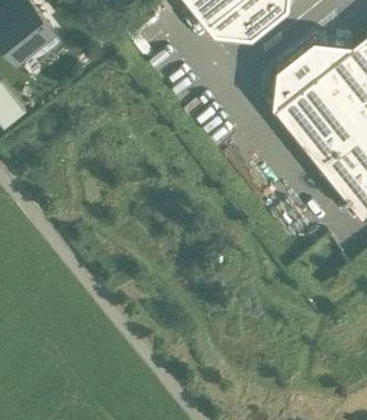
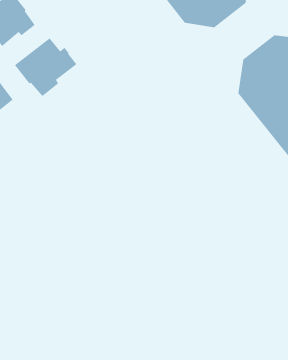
building: none -> [14,37,77,97]

